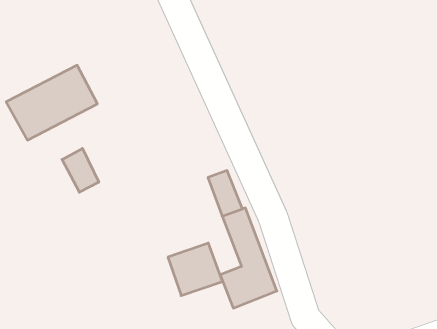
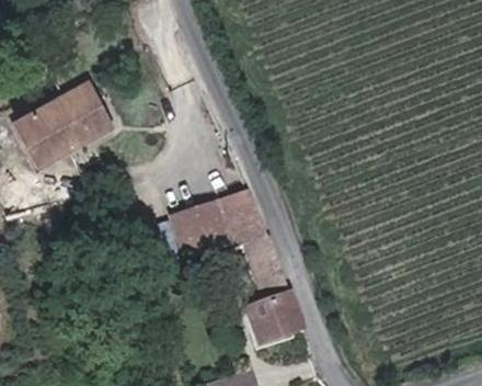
building: [62,148,99,192] -> none
building: [168,243,223,296] -> [180,202,239,259]

